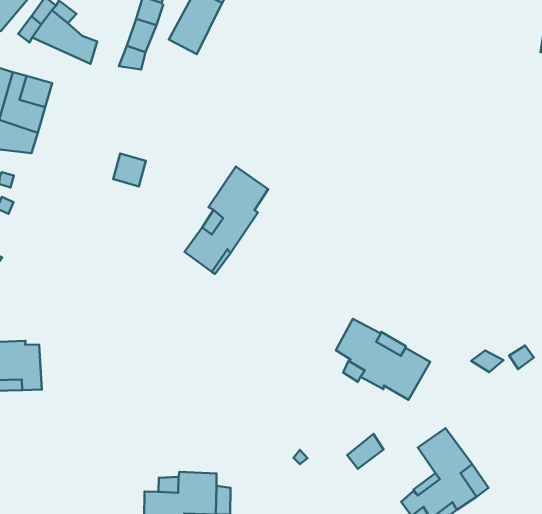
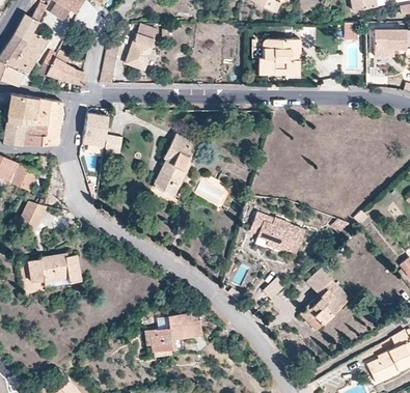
building: none -> [258,39,299,76]
building: none -> [82,112,108,146]

